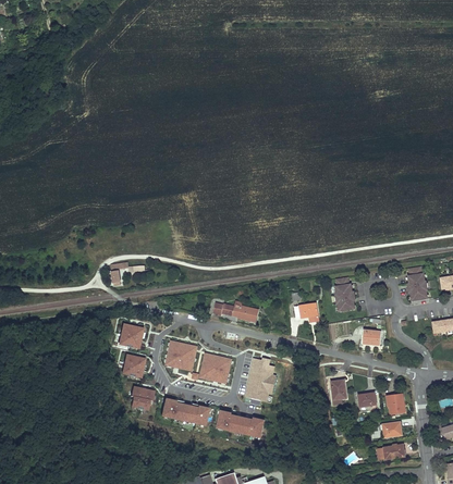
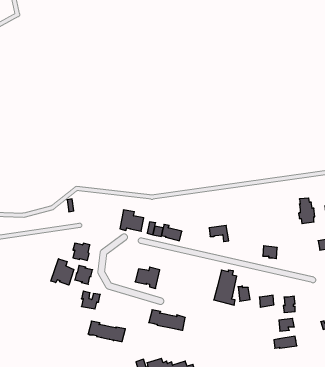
building: [336,284,356,311] -> none
building: [166,340,196,368] -> [120,210,144,231]
building: none -> [51,259,74,285]
building: [245,358,274,402] -> [214,270,237,305]
building: [161,398,209,424] -> [88,321,125,342]

